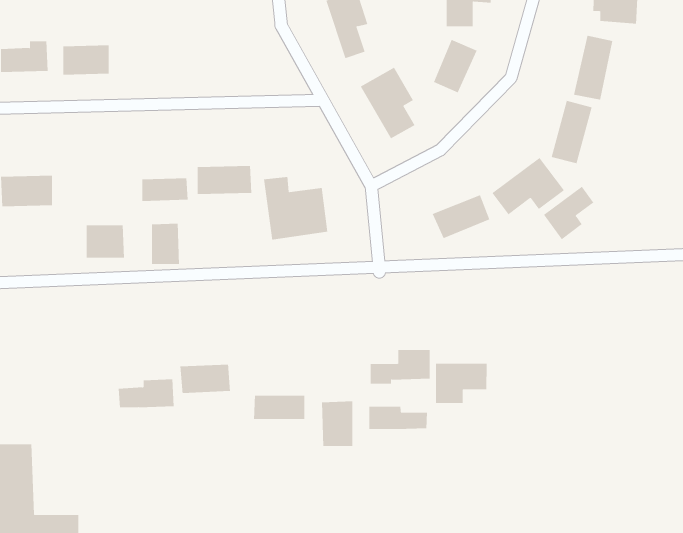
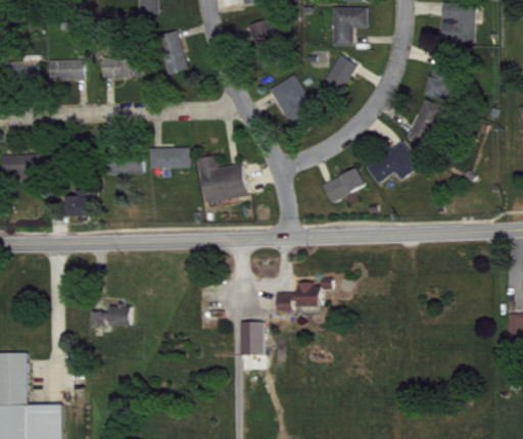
building: none -> [156,31,187,76]
building: none -> [102,57,140,79]
building: [543,186,594,240] -> none
building: [151,223,179,265] -> none
building: [435,363,487,404] -> none
building: [180,364,231,394] -> none
building: [254,395,305,420] -> none
building: [369,406,427,430] -> none

